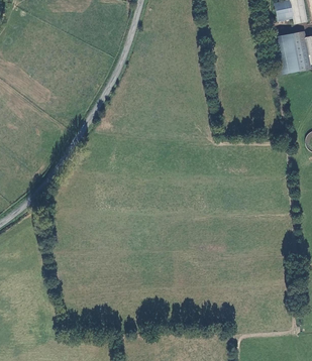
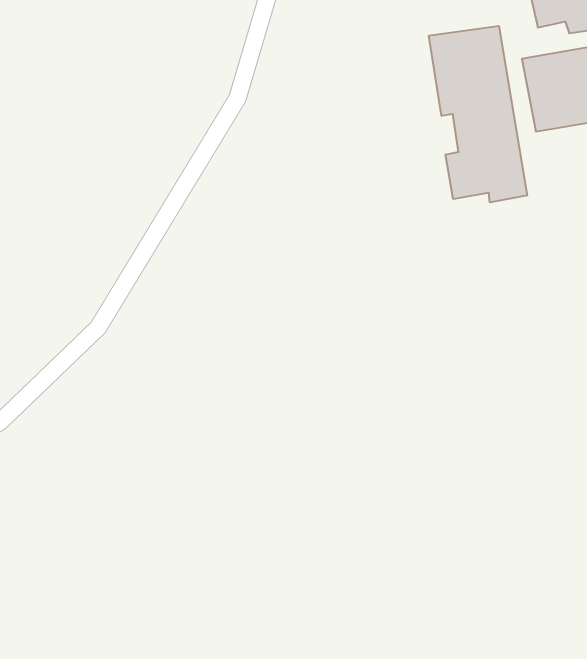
building: none -> [429,26,527,202]

